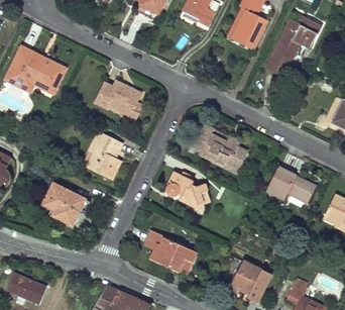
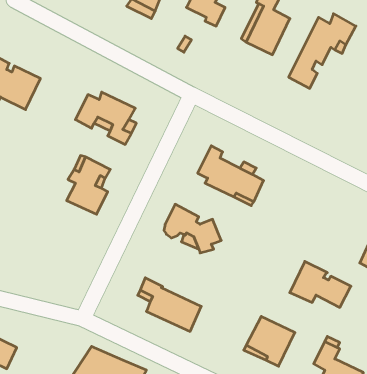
building: [266,166,316,203] -> [290,261,351,307]
building: [42,183,90,225] -> none

